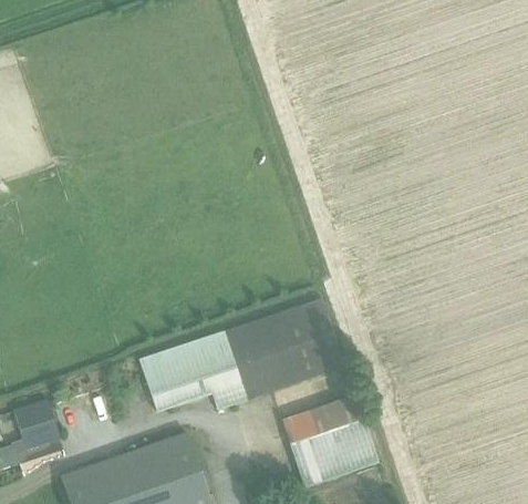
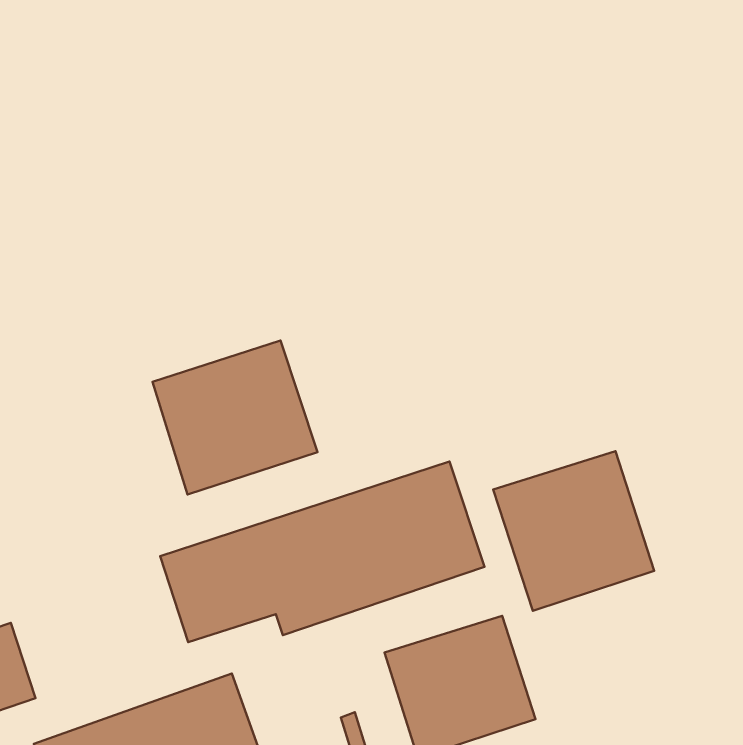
building: none -> [152,340,317,494]
building: none -> [493,451,654,611]

